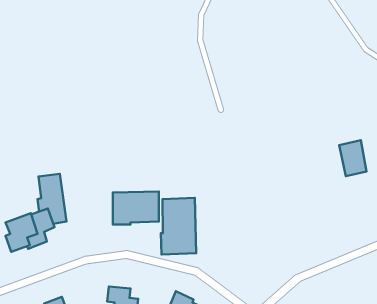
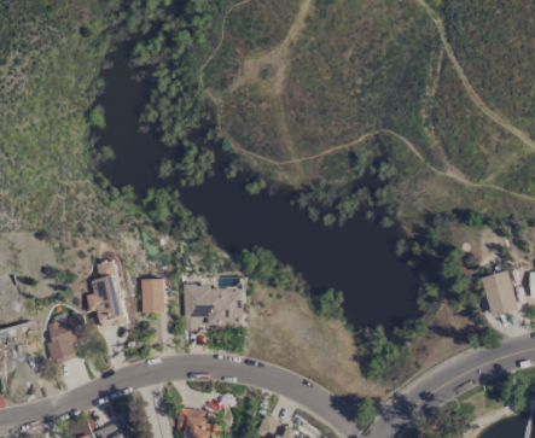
building: [339,140,367,176] -> [482,270,517,316]
building: none -> [141,279,165,313]
building: [161,198,196,255] -> none

